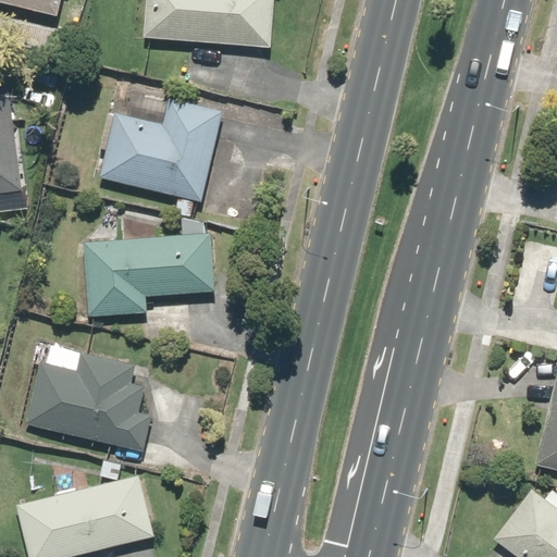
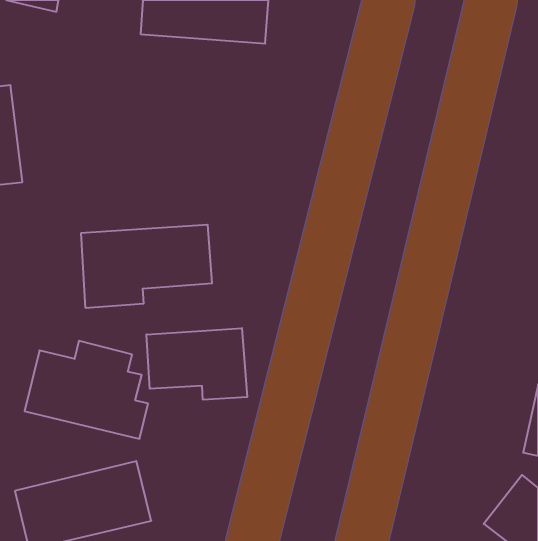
building: [99,98,223,202] -> none
building: none -> [146,328,247,400]

